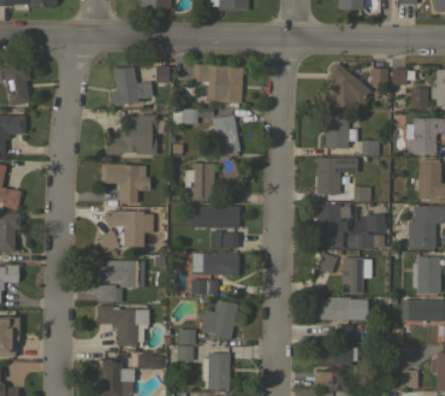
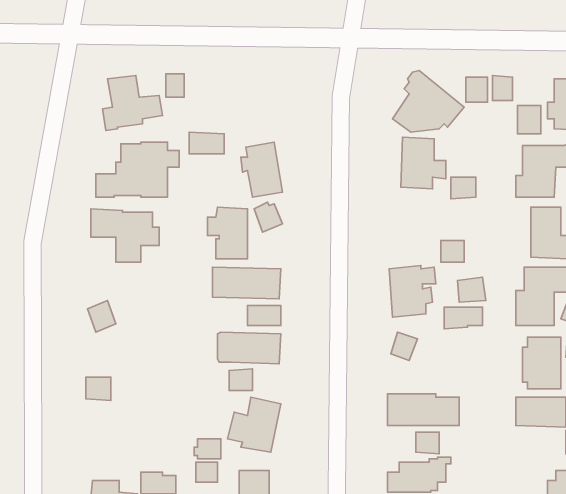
building: [192,65,243,104] -> none
building: [316,158,357,195] -> none
building: [106,212,155,248] -> none
building: [342,258,363,294] -> none
building: [99,261,136,288] -> none
building: [97,306,149,347] -> none

